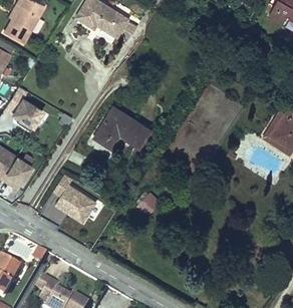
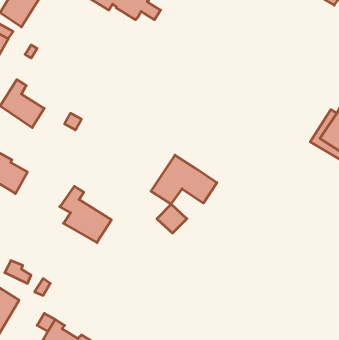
building: [94,104,150,145] -> [151,155,217,204]

